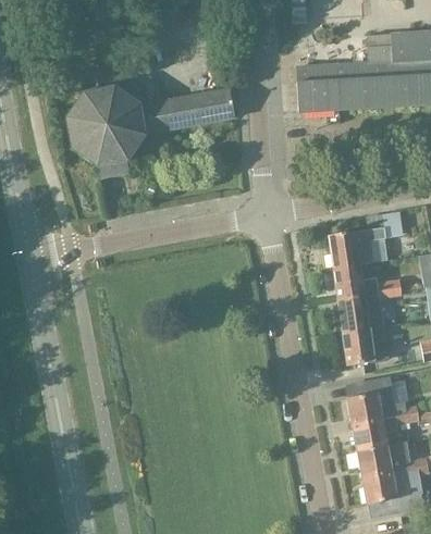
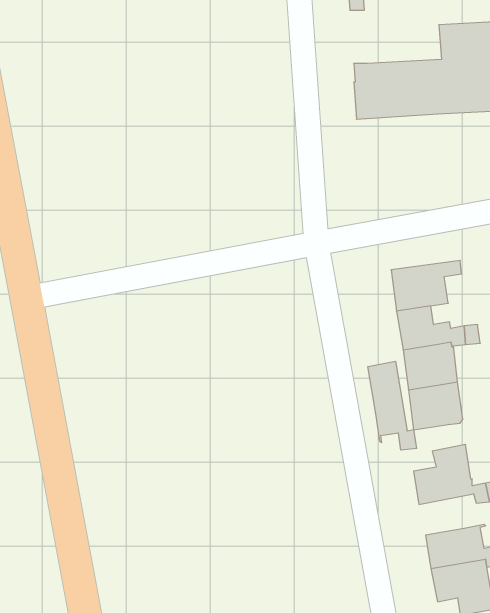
building: [66,66,235,176] -> none
building: none -> [368,361,417,450]
building: [352,417,399,450] -> none

